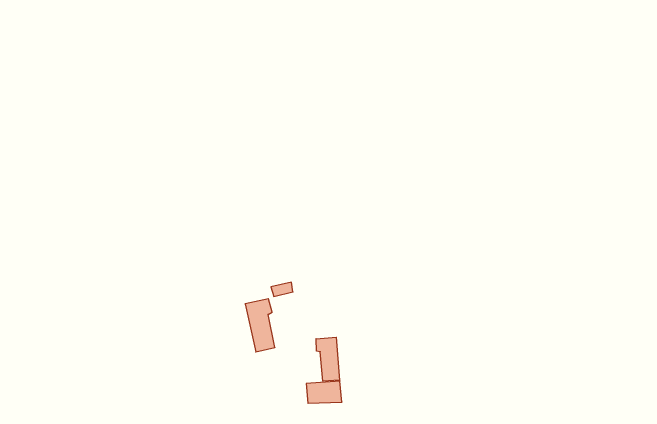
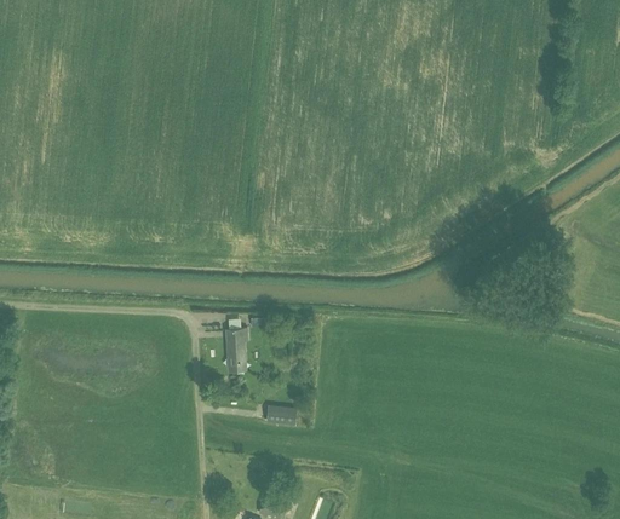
building: [316,337,339,381] -> none

